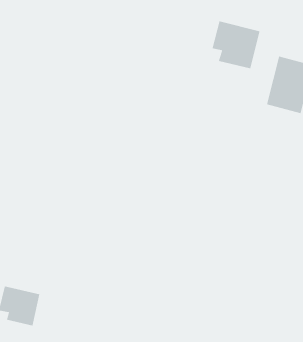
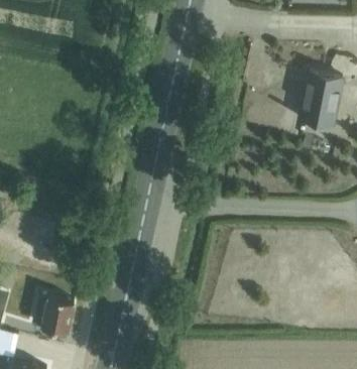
building: [212,20,260,69] -> none

